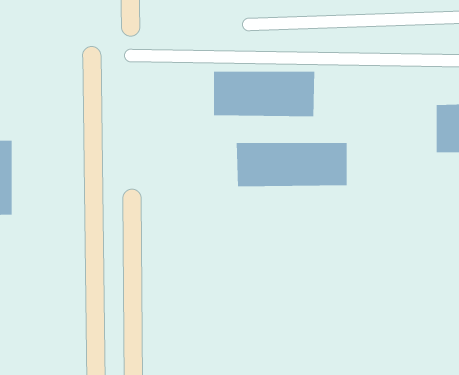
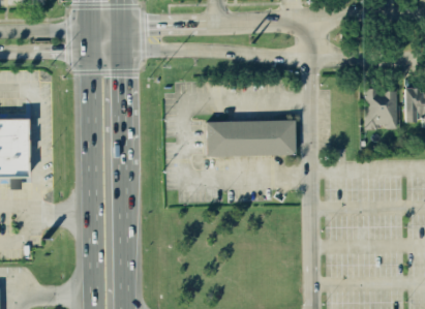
building: [213,71,315,117] -> none

